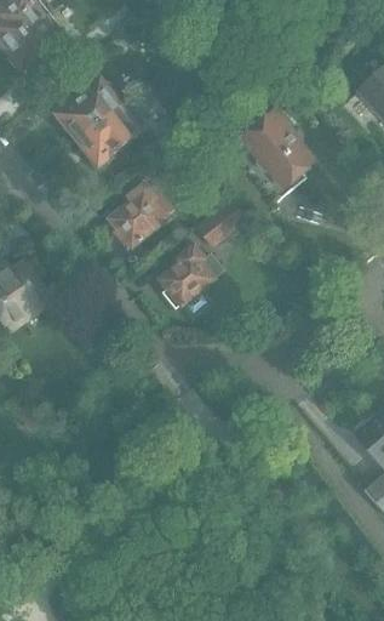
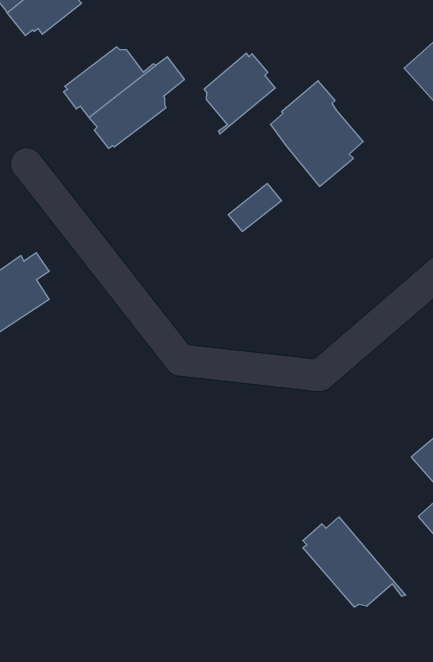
building: none -> [204,53,275,134]
building: [113,182,170,252] -> none
building: [161,243,224,314] -> none
building: none -> [303,517,406,607]

